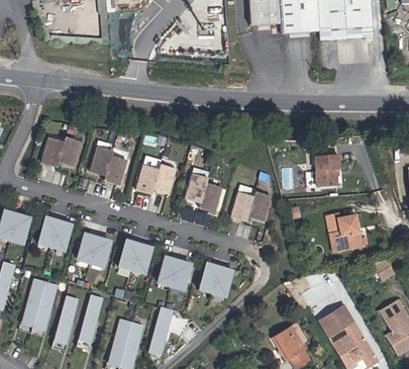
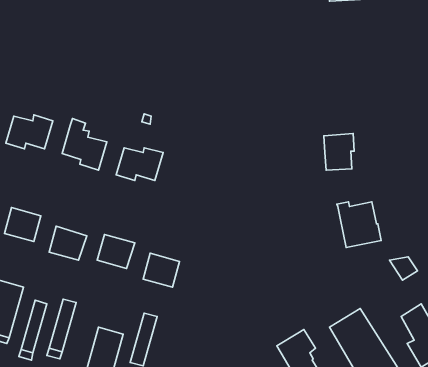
building: [185,174,223,212] -> none
building: [231,193,272,221] -> none
building: [201,264,232,293] -> none

